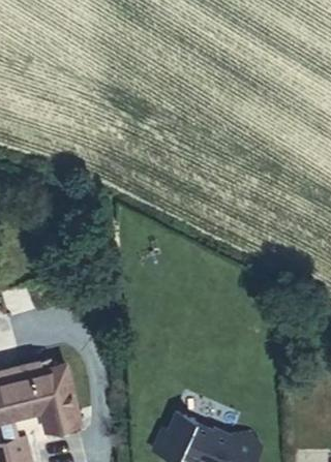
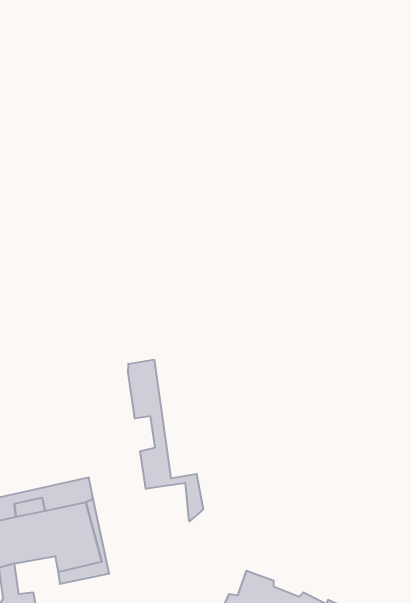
building: none -> [128,360,203,521]

